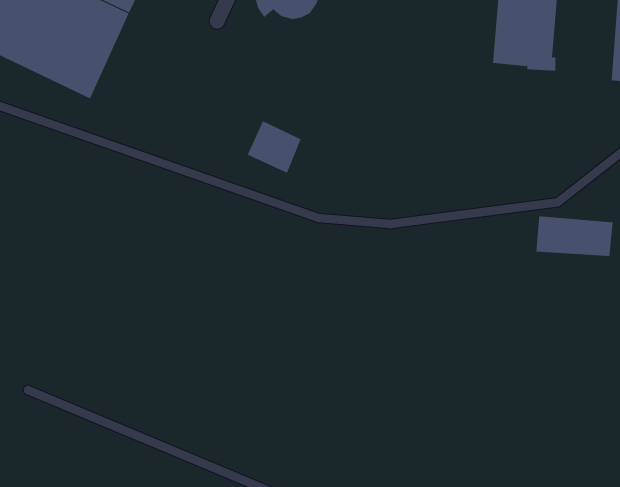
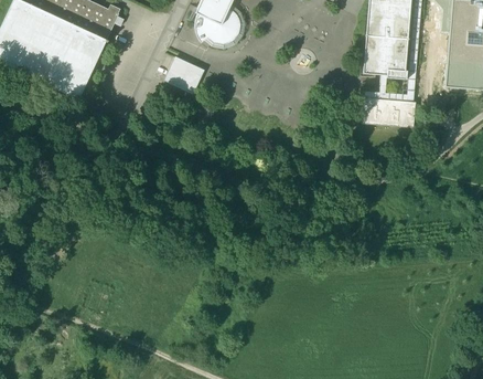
building: [247,120,301,174] -> [165,56,204,94]
building: [535,216,613,257] -> [362,98,417,127]

